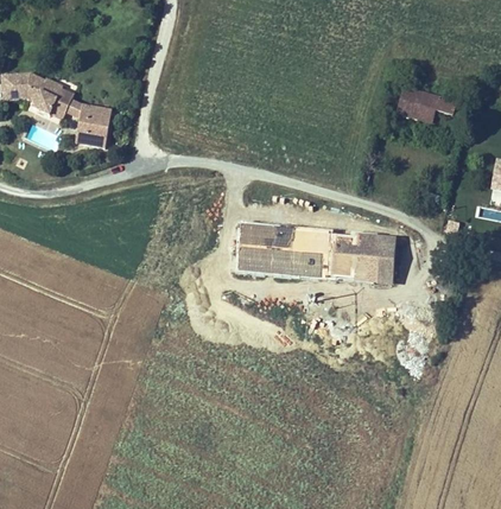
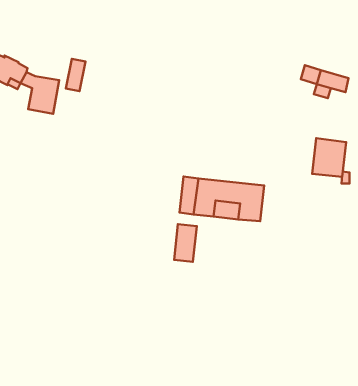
building: none -> [66,59,86,91]
building: [233,221,260,266] -> [174,224,197,262]
building: [351,234,392,280] -> [312,138,346,177]

